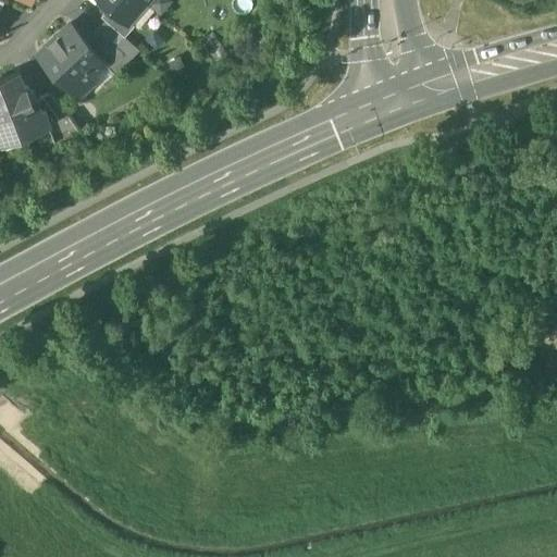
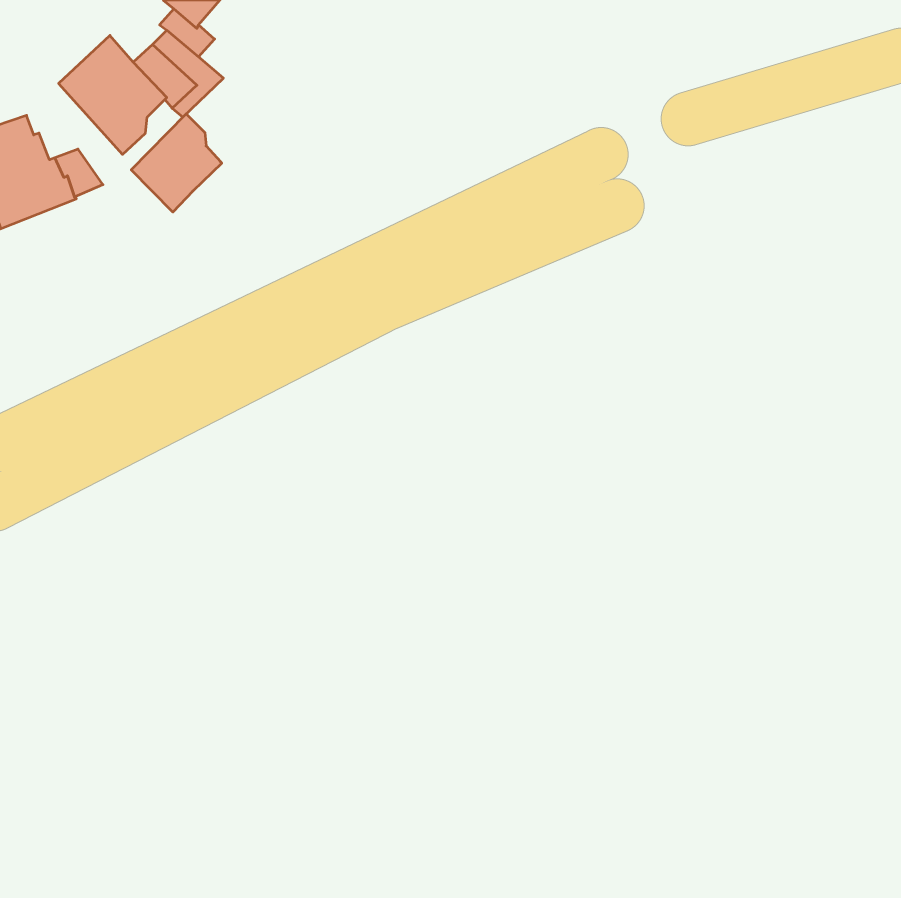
building: none -> [131,114,222,212]

